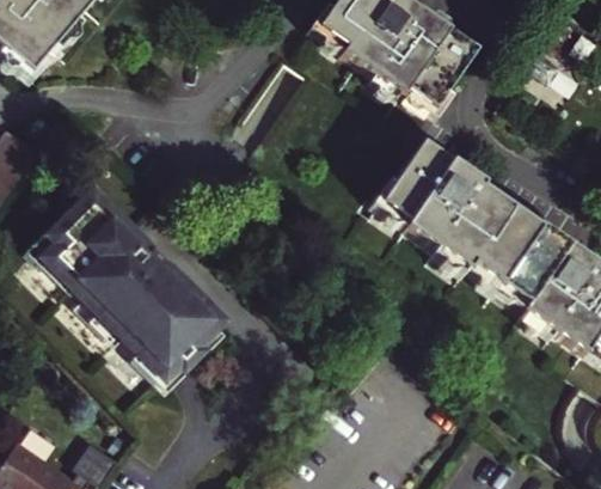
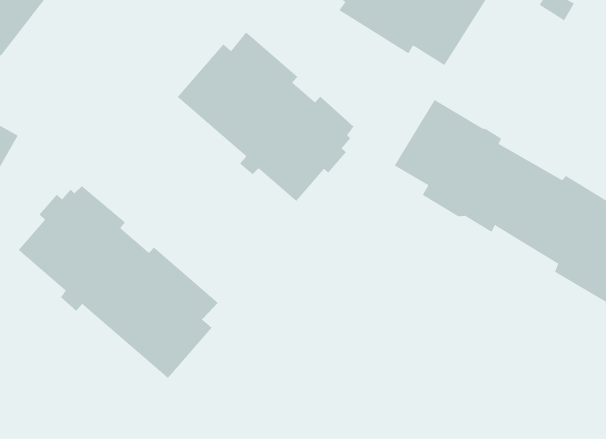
building: none -> [177,32,354,202]

